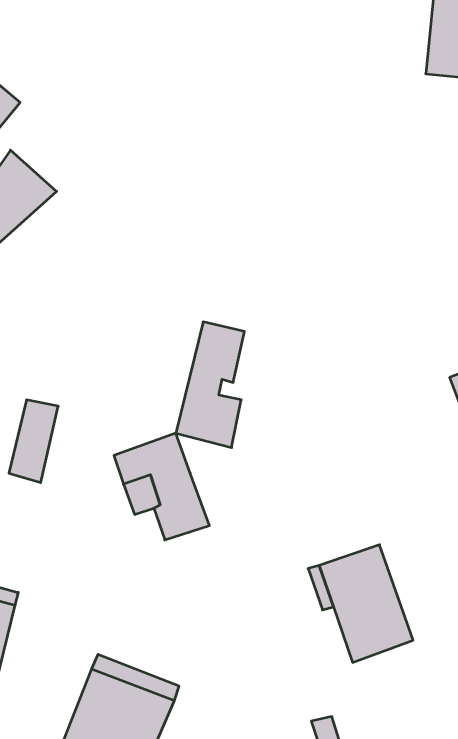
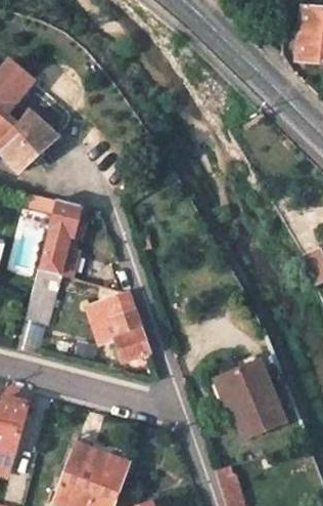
building: [176,322,244,448] -> [36,197,80,278]

